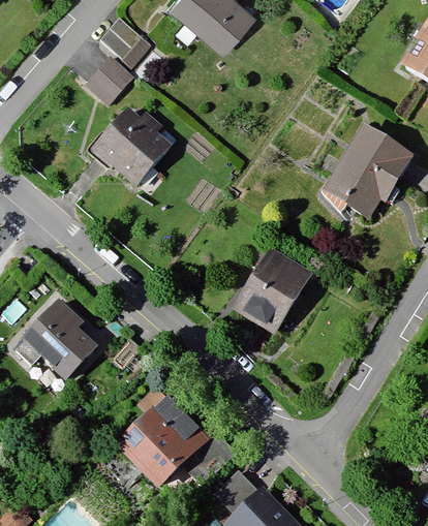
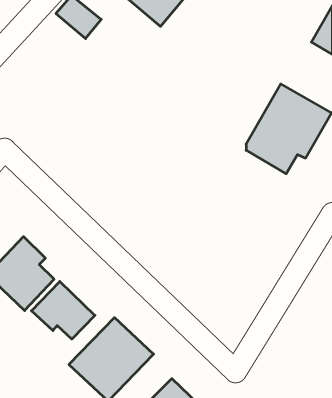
building: [86,55,130,99] -> none
building: [92,106,169,186] -> none
building: [231,249,313,340] -> none
building: none -> [31,281,95,339]

